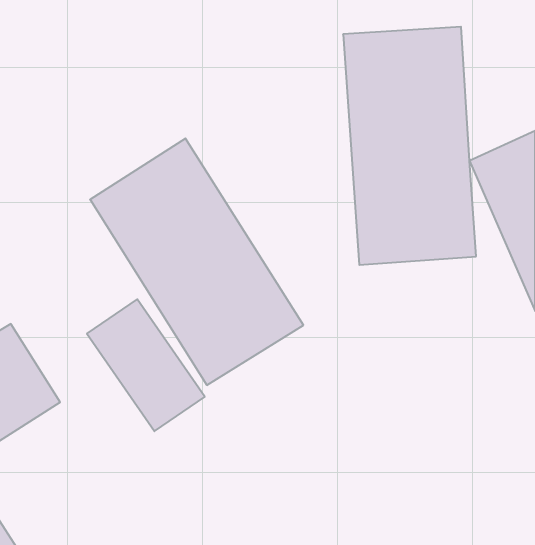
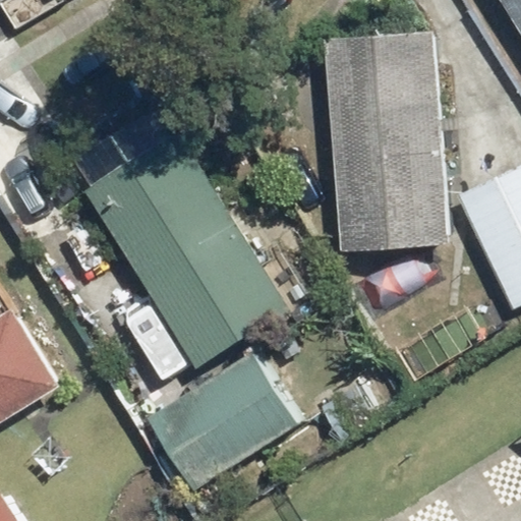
building: none -> [151,352,296,488]

